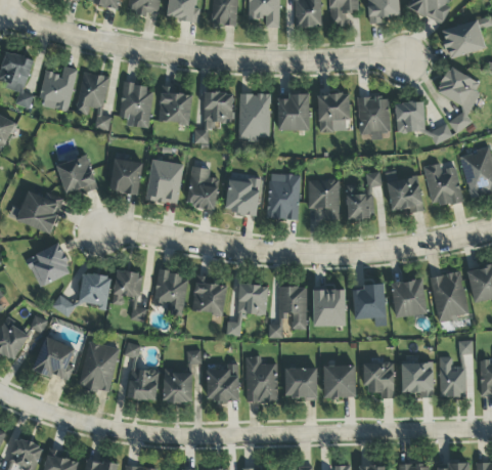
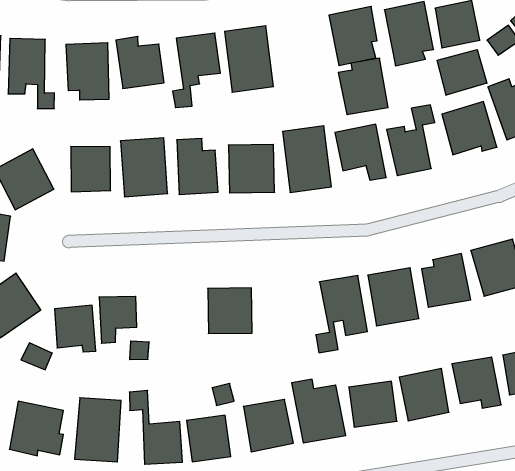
building: [278,93,310,130] -> [338,58,388,115]
building: none -> [437,50,487,95]
building: [153,271,189,316] -> none
building: [227,284,268,336] -> none

